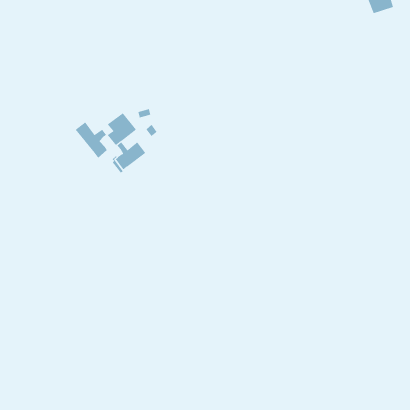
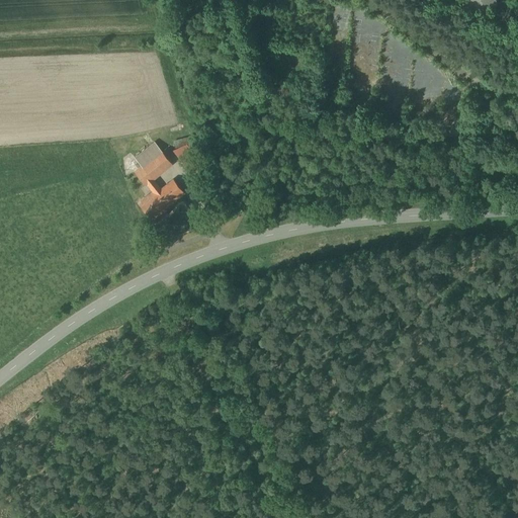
building: [75,122,108,158] -> none

